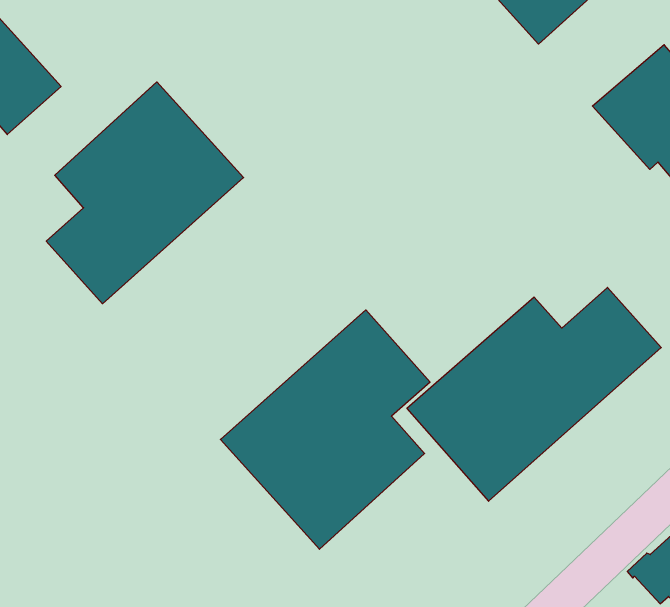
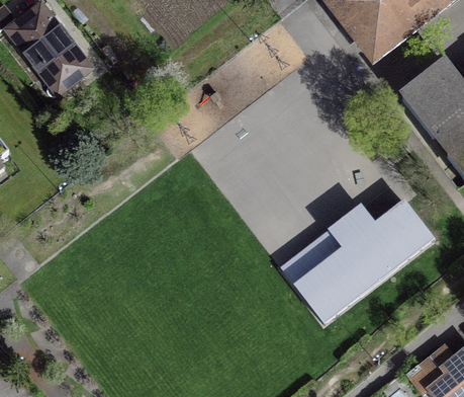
building: [46,82,244,304] -> none
building: [220,310,430,549] -> none

